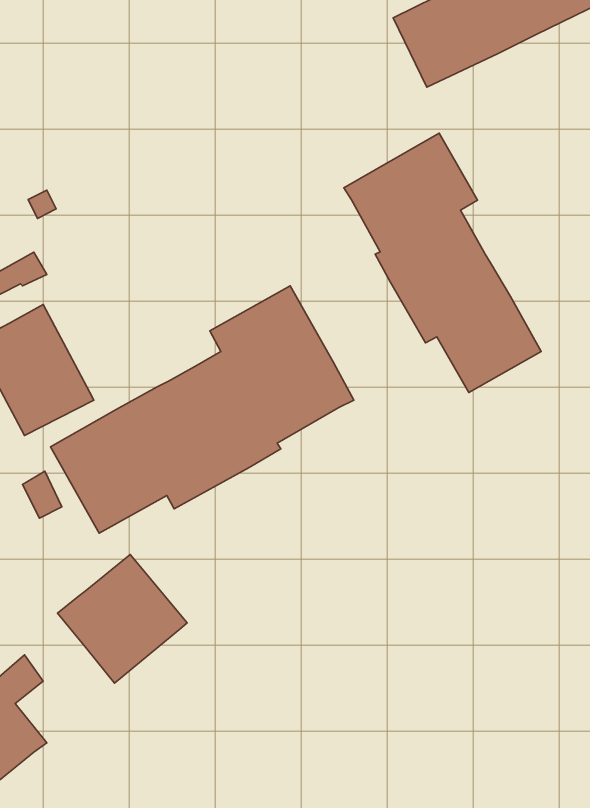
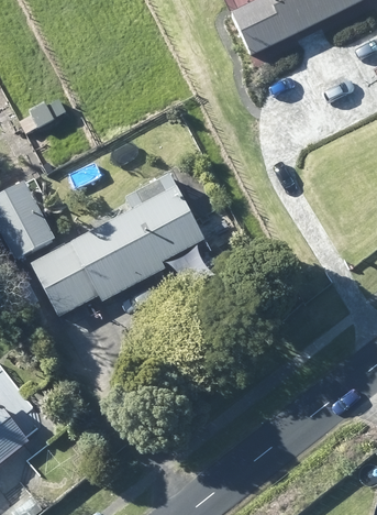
building: [344,133,541,393] -> none
building: [58,554,187,683] -> none

